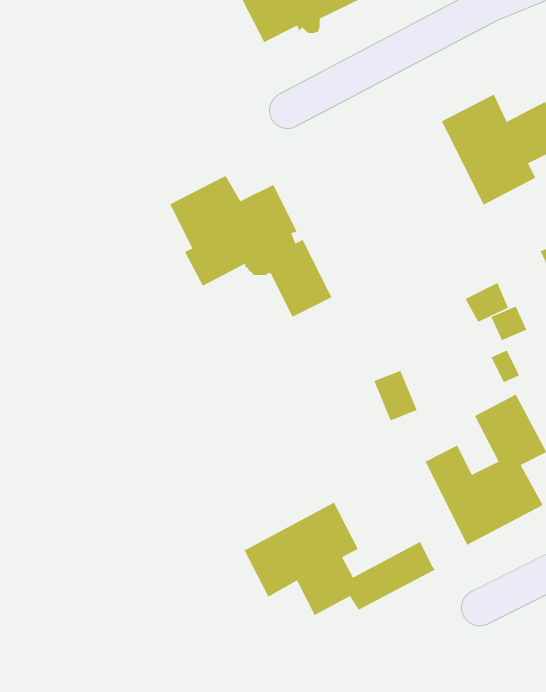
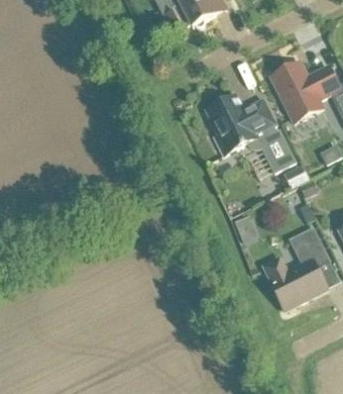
building: [170,175,332,318] -> [205,93,295,172]
building: [244,502,436,616] -> none

